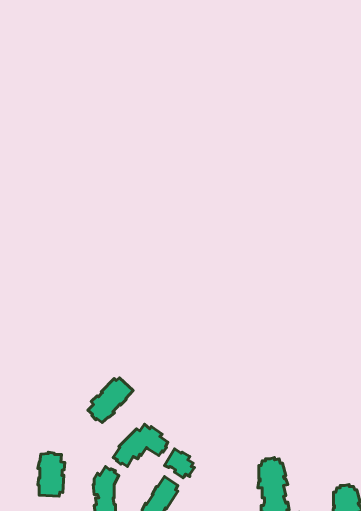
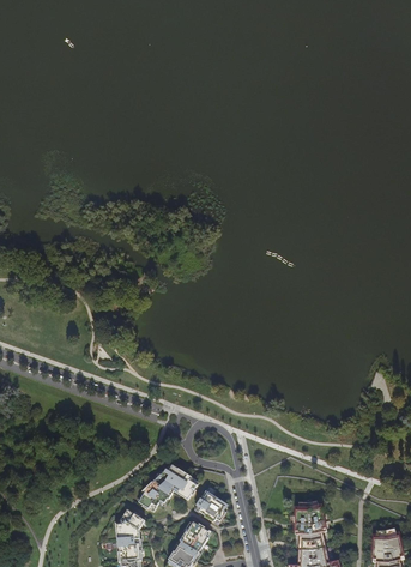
building: [88,378,133,423] -> none
building: [38,452,65,496] -> none

